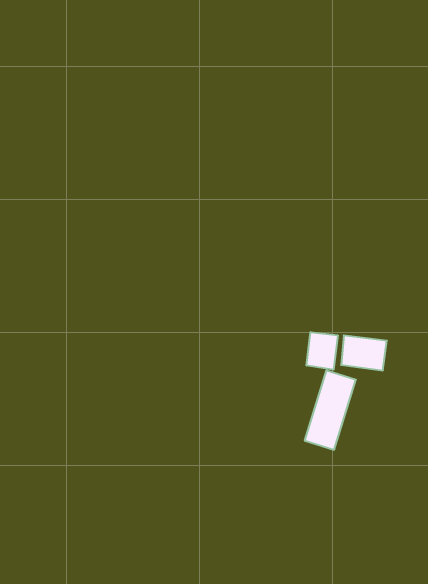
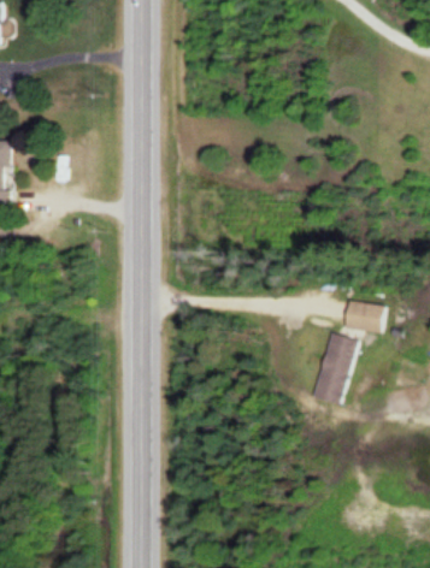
building: [307,332,338,370] -> none

